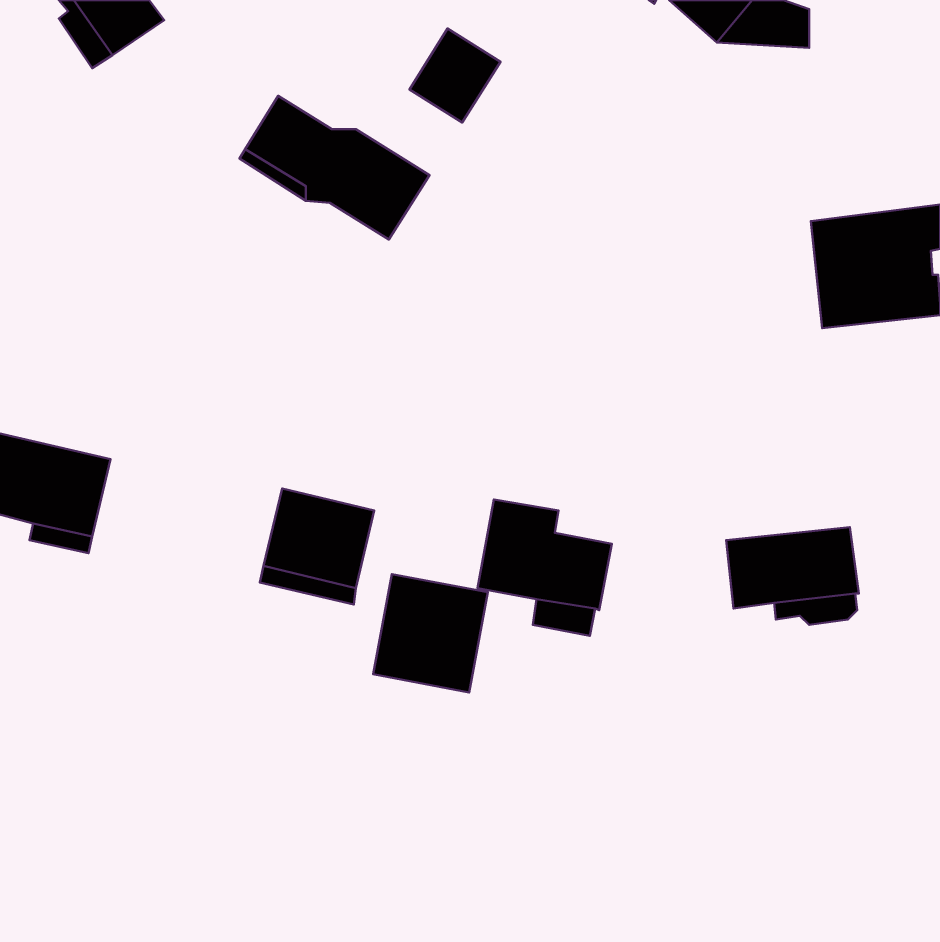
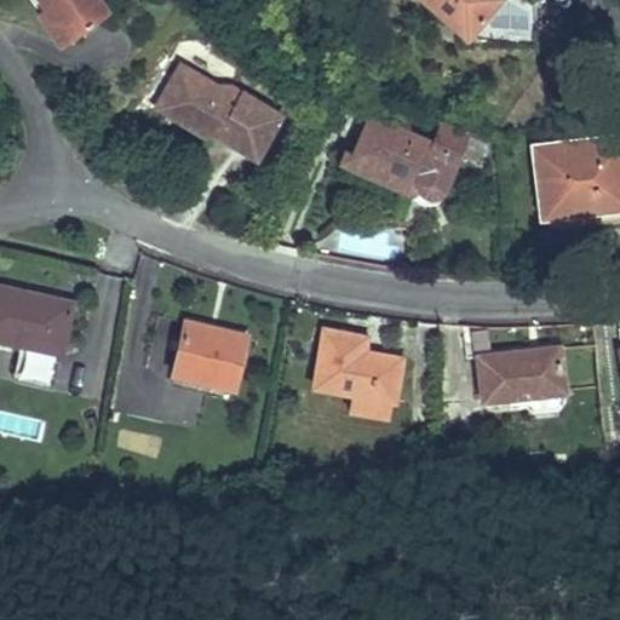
building: [410,29,500,123] -> none
building: none -> [341,114,459,195]
building: [373,574,488,692] -> none

